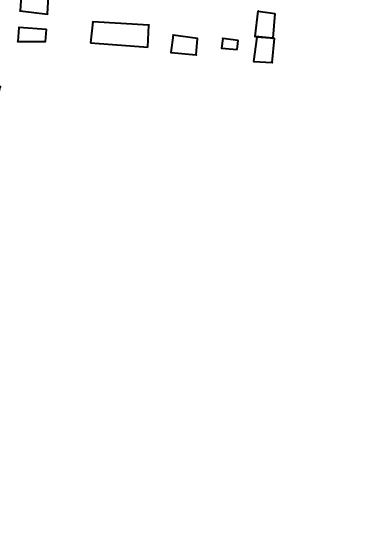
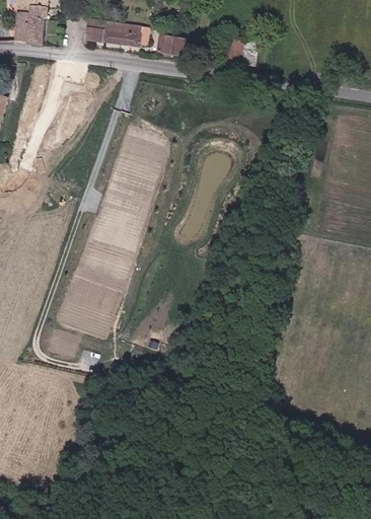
building: none -> [20,13,47,30]
building: [255,11,275,38] -> none

